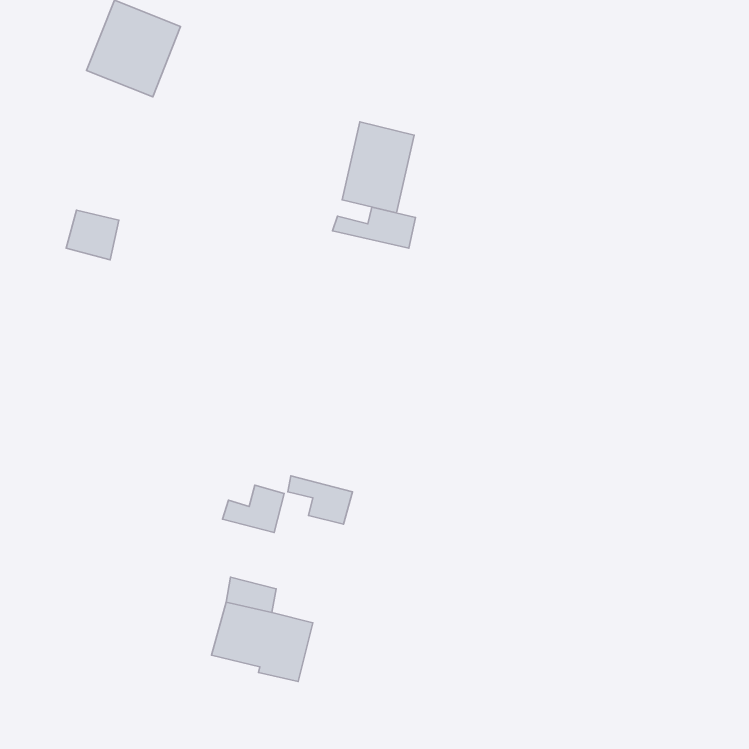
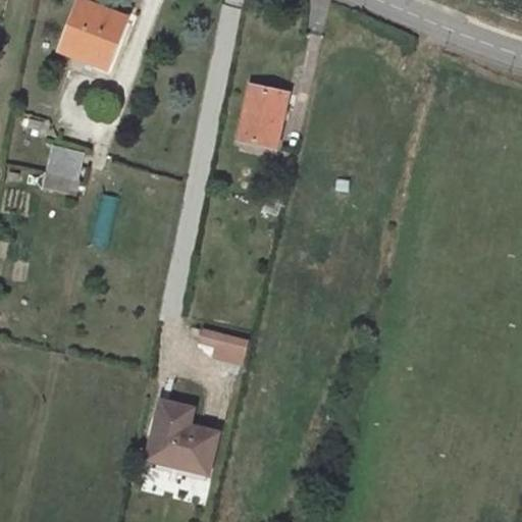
building: [332,207,415,248] -> none
building: [223,485,284,533] -> none

